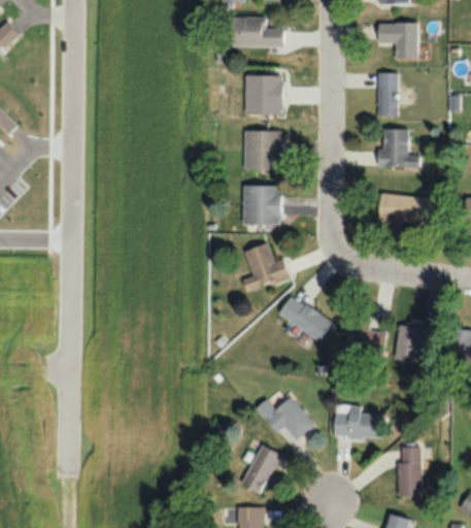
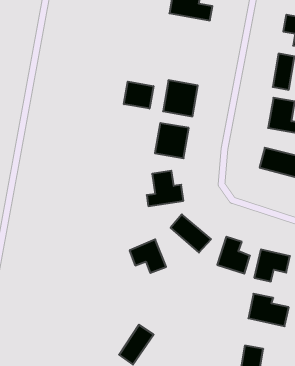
building: [244,75,281,112] -> none
building: none -> [124,82,153,109]
building: [265,396,314,439] -> [130,239,166,273]
building: [335,404,383,438] -> [248,294,289,326]

